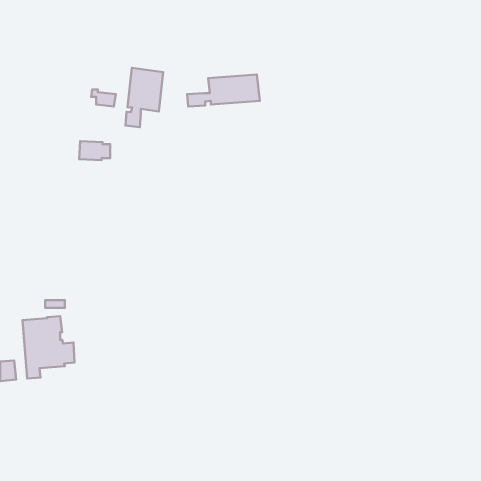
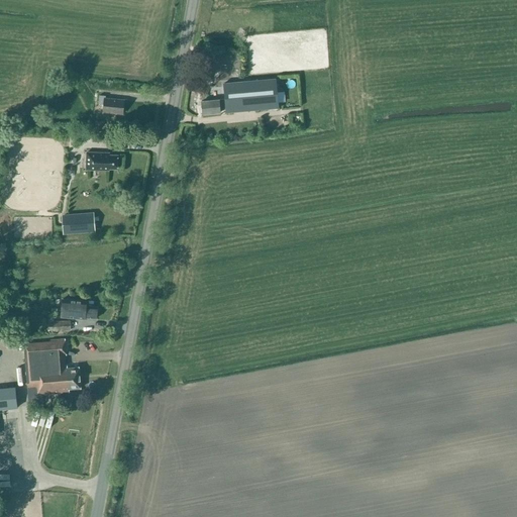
building: [125,68,163,127] -> none
building: none -> [62,214,94,232]
building: none -> [62,299,97,319]

